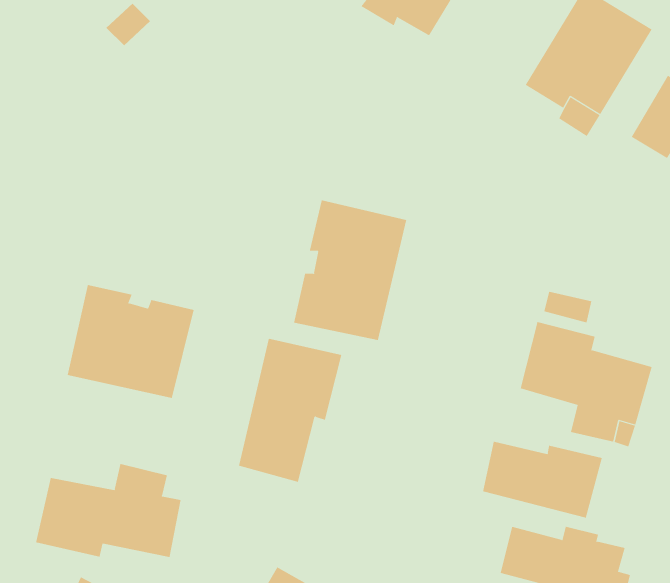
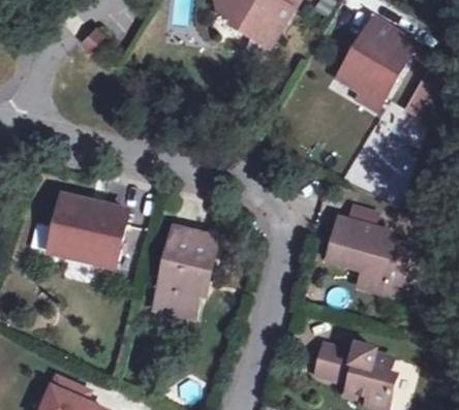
building: [293,199,407,341] -> none
building: [482,441,602,519] -> none
building: [35,463,181,558] -> none

